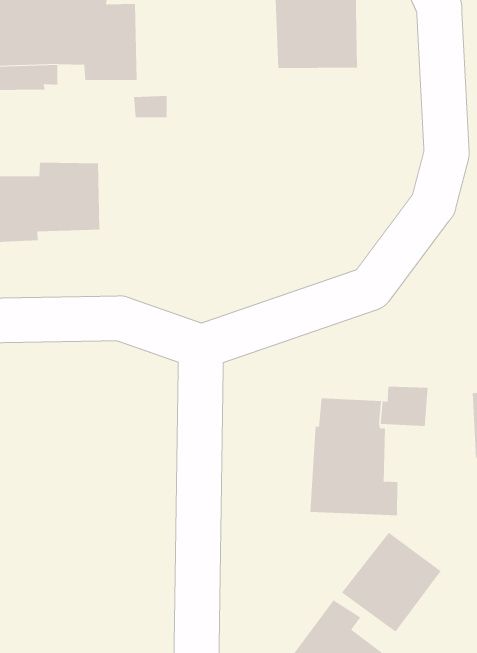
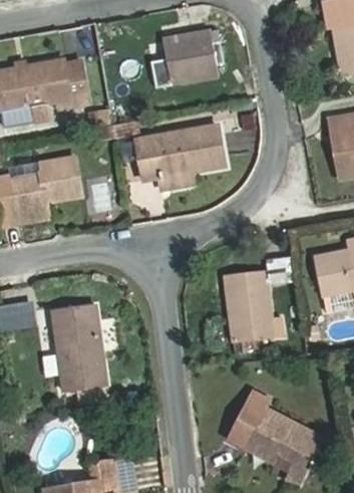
building: none -> [135,124,225,180]
building: none -> [50,303,107,391]
building: [341,532,442,632] -> none

